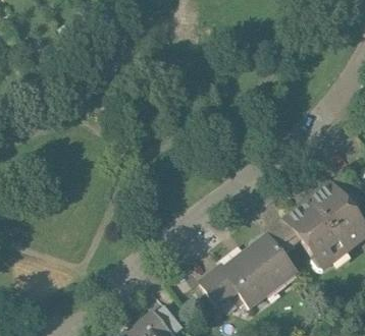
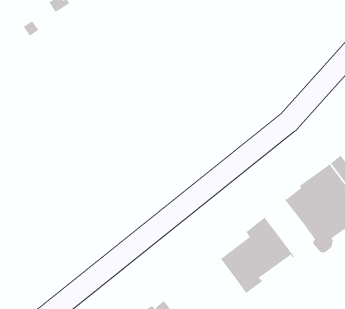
building: [264,216,301,255] -> none
building: [200,266,236,304] -> none

